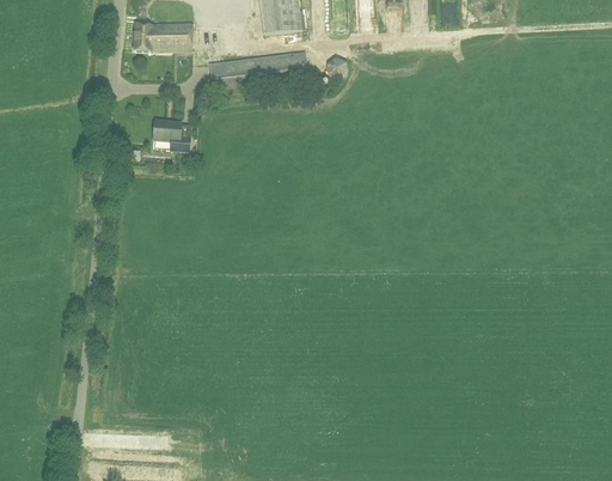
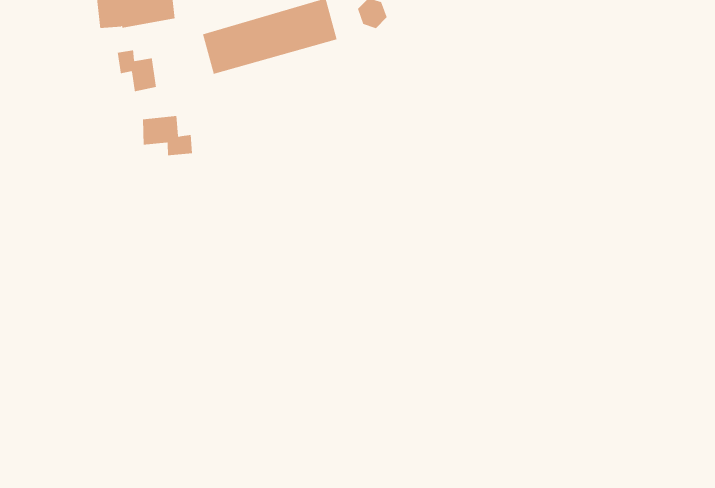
building: none -> [117,49,156,92]

